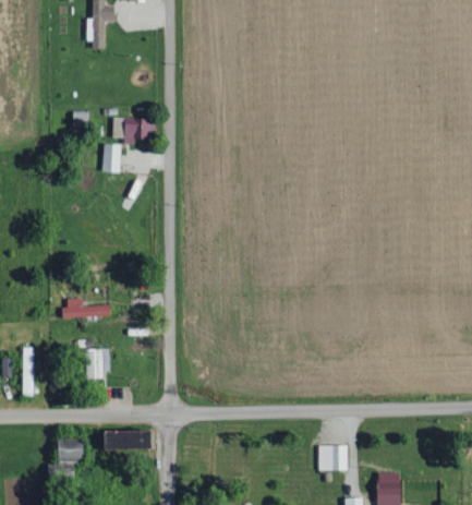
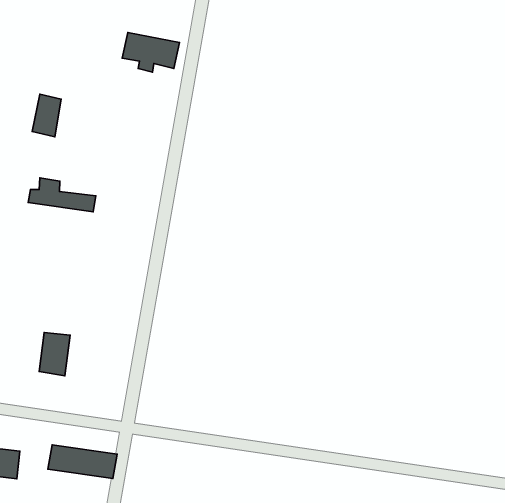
building: [102,143,120,172] -> [32,94,61,137]
building: [61,298,110,317] -> [28,178,96,212]

